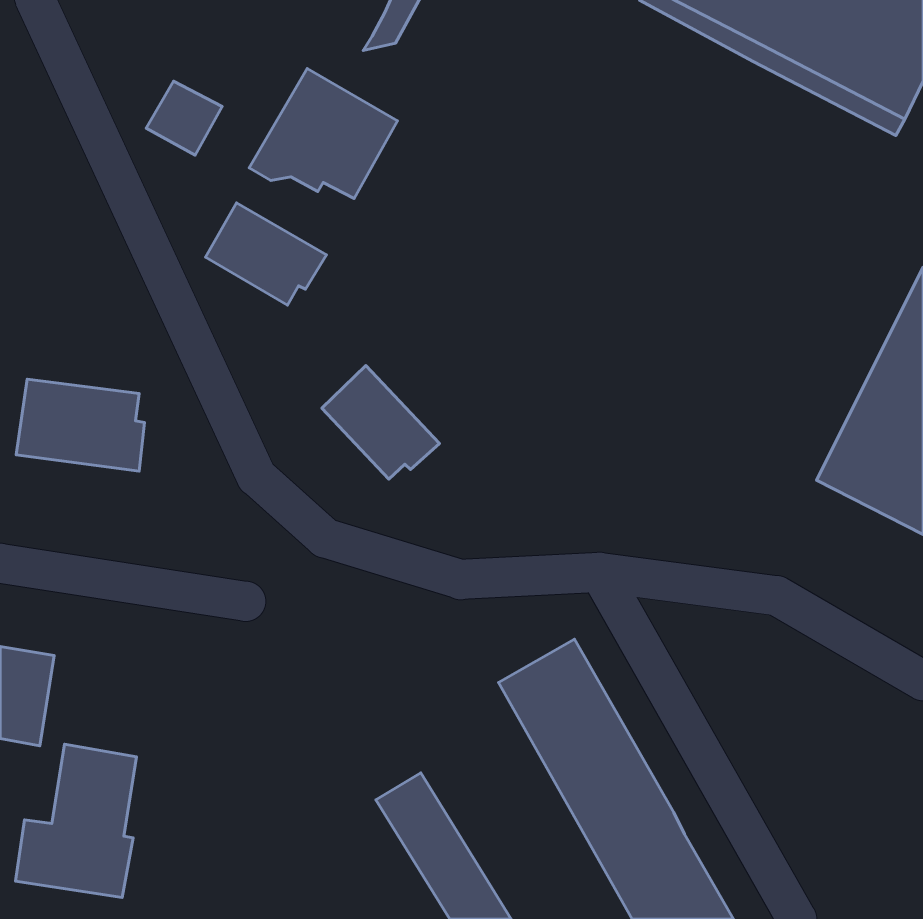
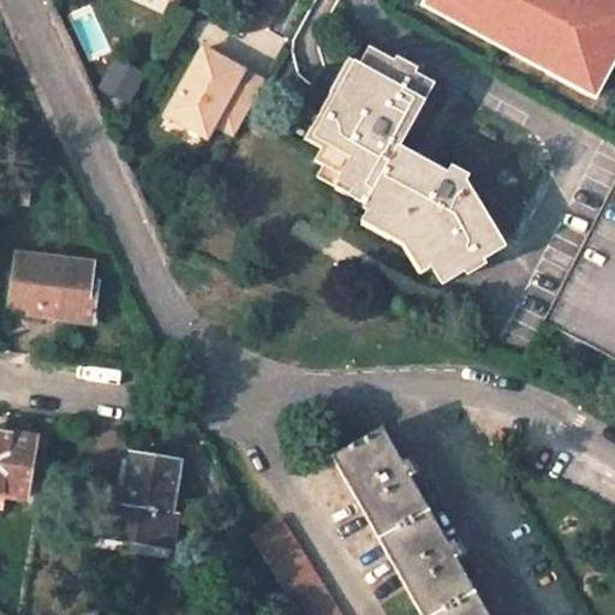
building: none -> [312,48,504,285]
building: [206,203,326,305] -> none
building: [322,366,440,479] -> none
building: [16,744,137,898] -> [98,452,179,554]

